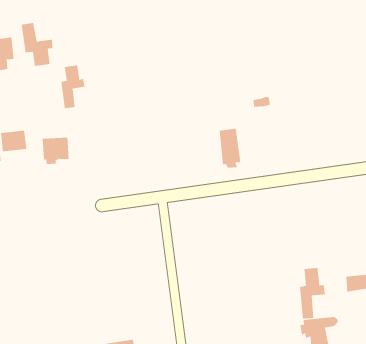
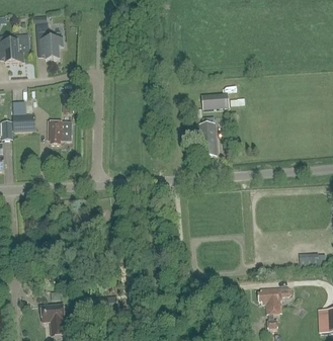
building: [61,64,85,109] -> none
building: none -> [201,94,228,110]
building: [299,267,325,319] -> none

